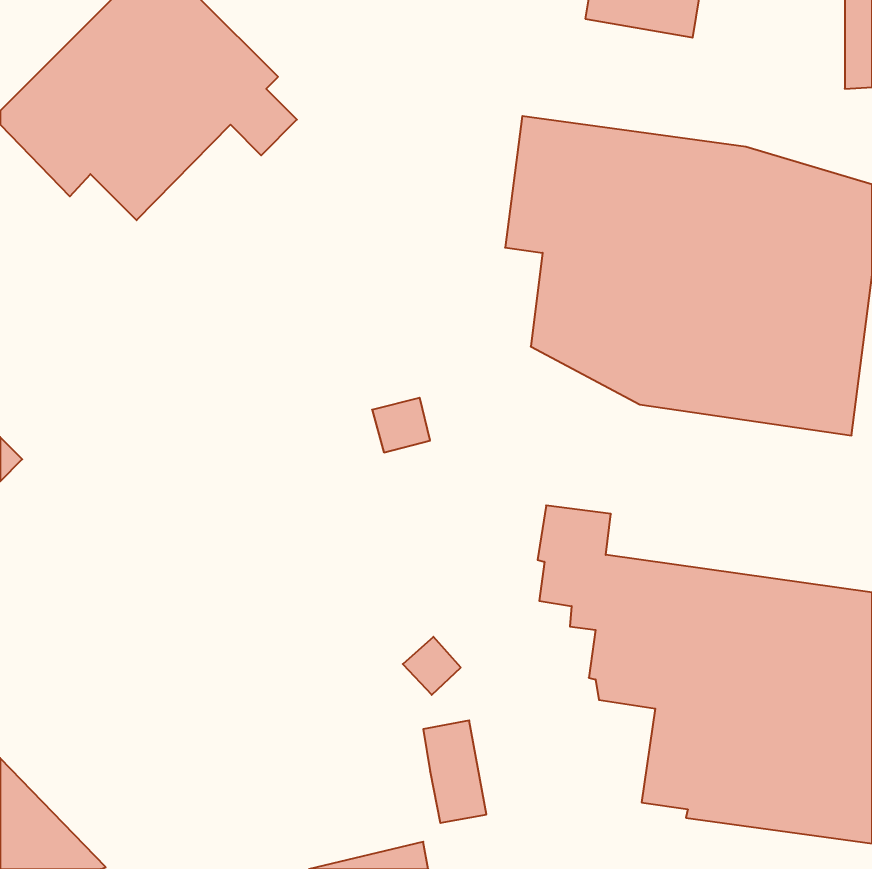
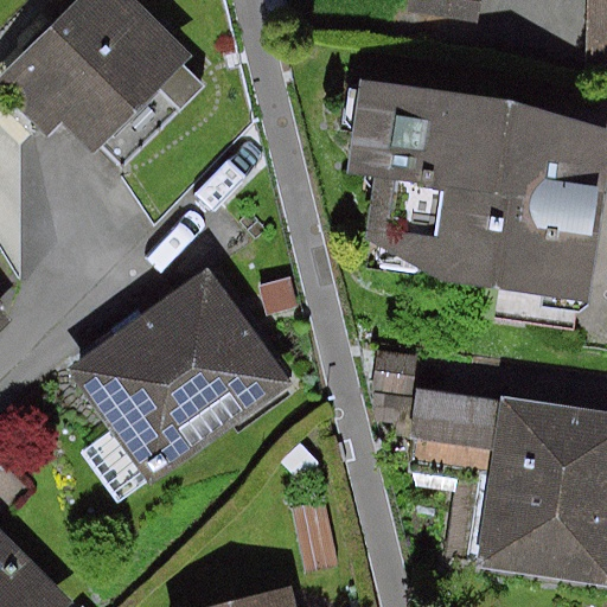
building: none -> [68,268,292,505]

